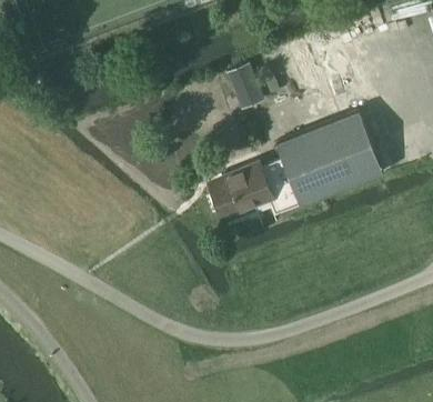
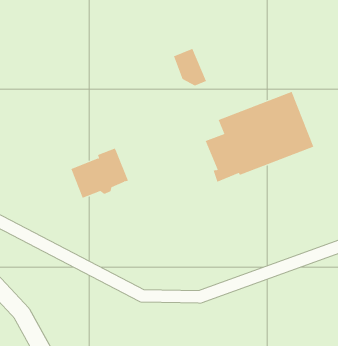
building: [209,162,274,219] -> [70,148,129,199]

